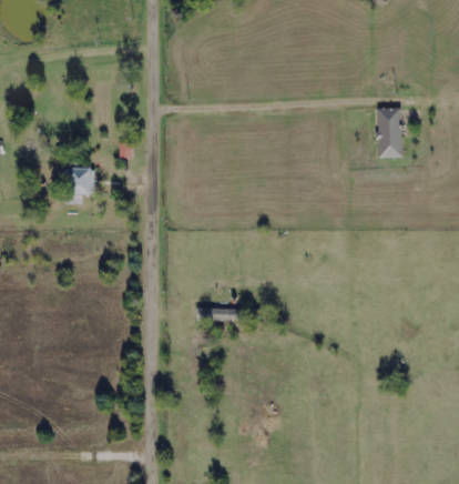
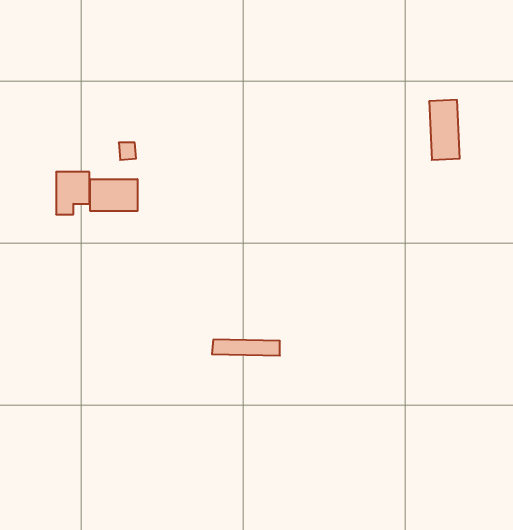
building: none -> [90,179,137,211]

